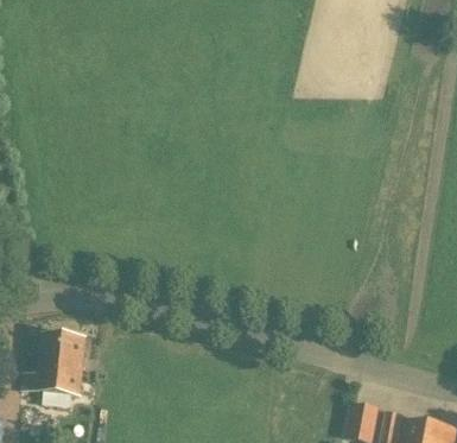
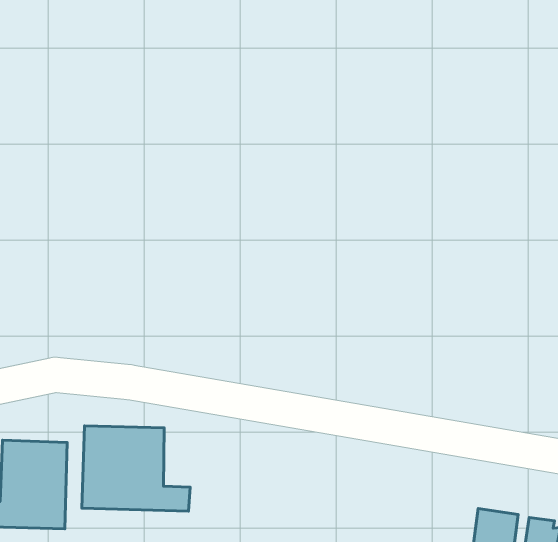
building: none -> [82,426,190,511]

